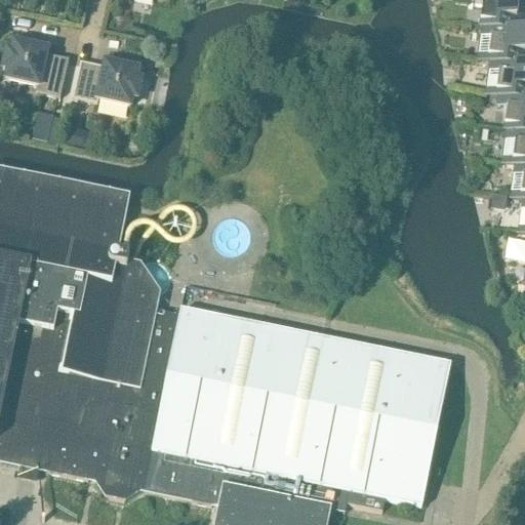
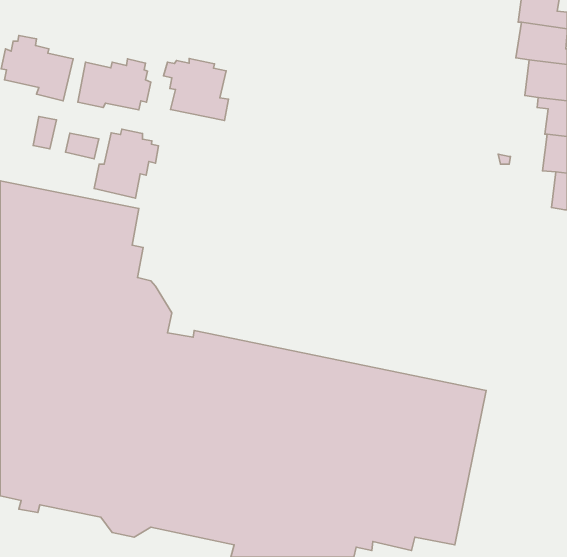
building: none -> [164,58,229,120]
building: none -> [94,129,158,198]

